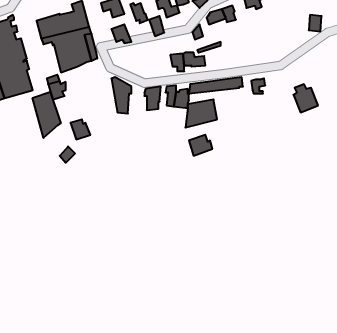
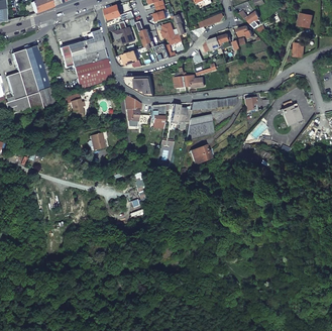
building: none -> [126,76,152,96]
building: [33,92,61,138] -> none

